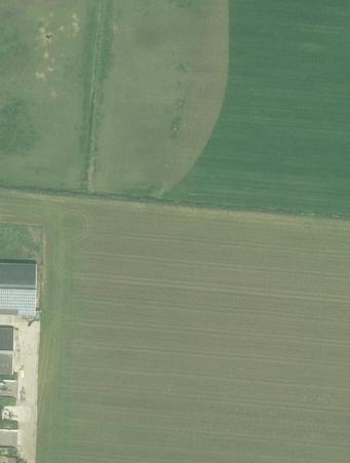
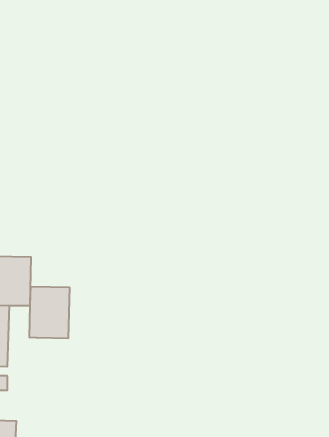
building: none -> [30,287,69,338]

